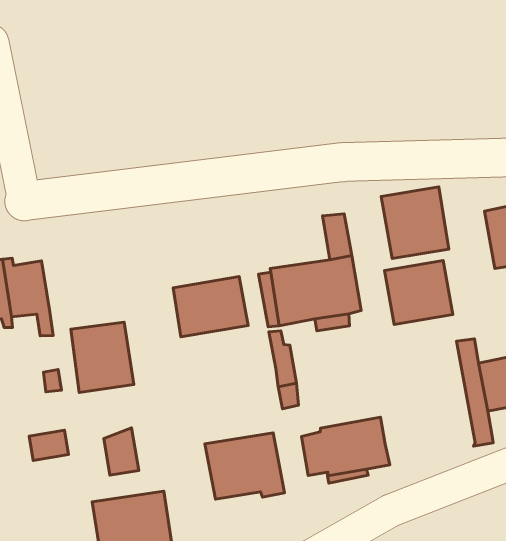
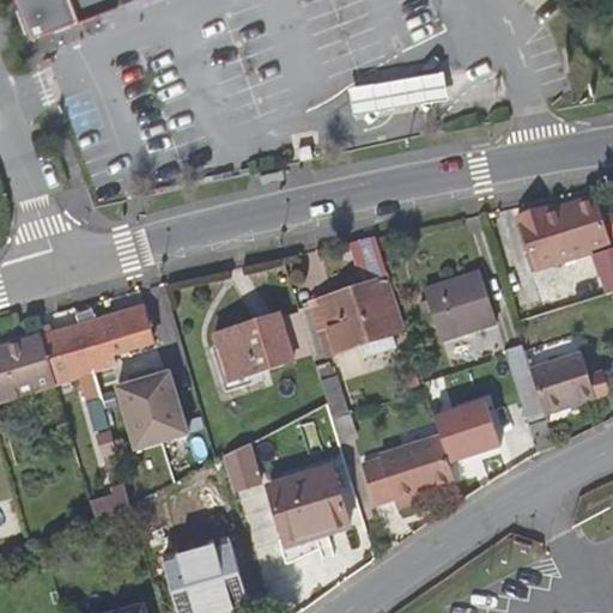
building: none -> [350,68,448,113]
building: [381,187,449,259] -> none
building: none -> [75,305,153,371]
building: none -> [432,400,498,461]
building: [104,428,139,475] -> [223,441,262,491]

